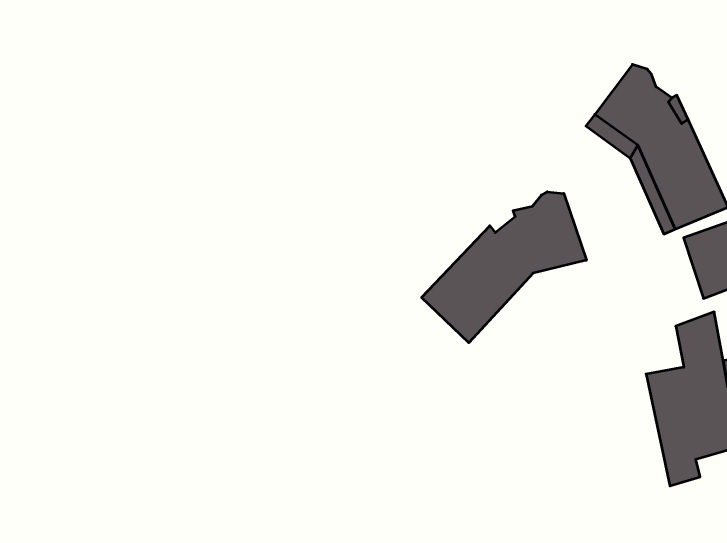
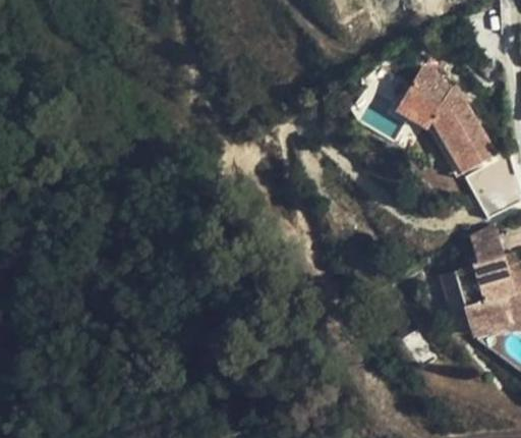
building: [422,192,586,343] -> none

